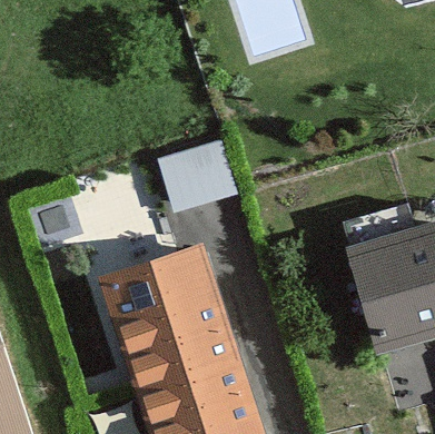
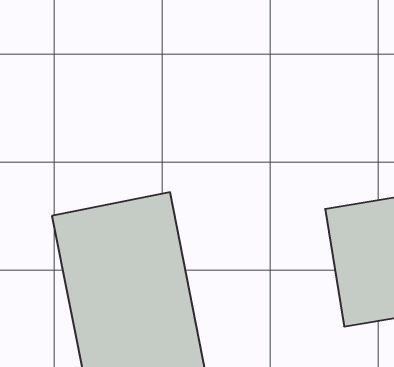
building: [157,140,236,215] -> none

